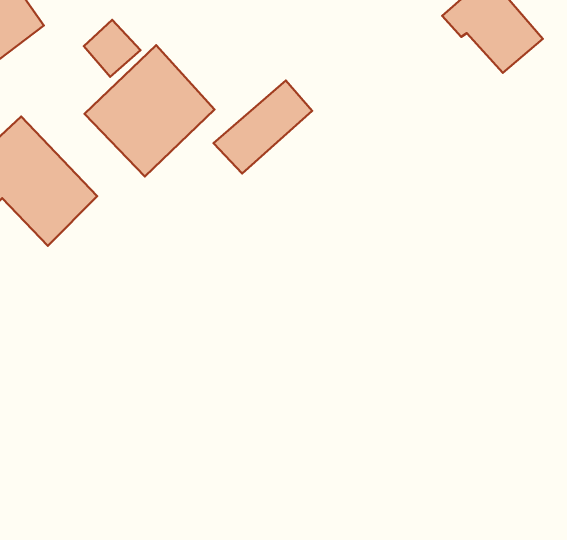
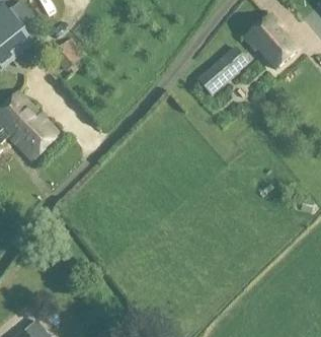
building: [84,45,214,177] -> none
building: [214,80,312,173] -> [195,46,248,95]

